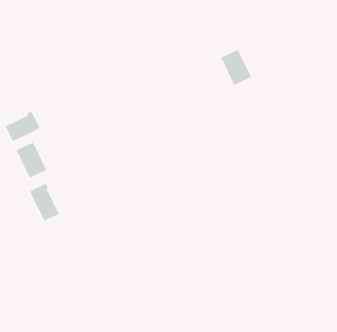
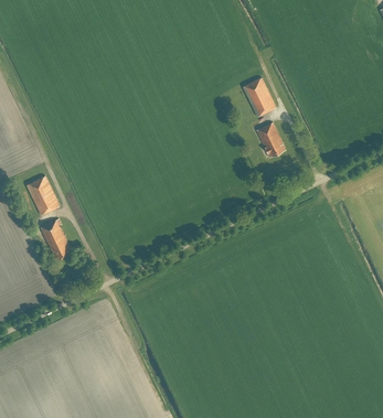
building: none -> [256,122,285,157]
building: [5,111,40,142] -> none

